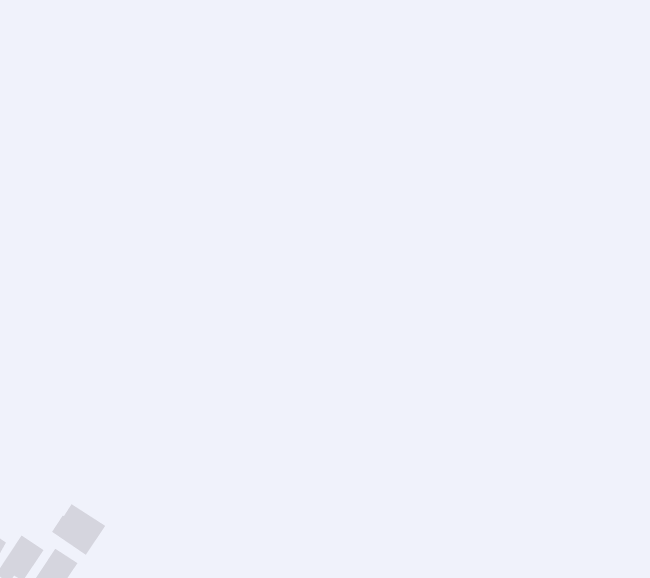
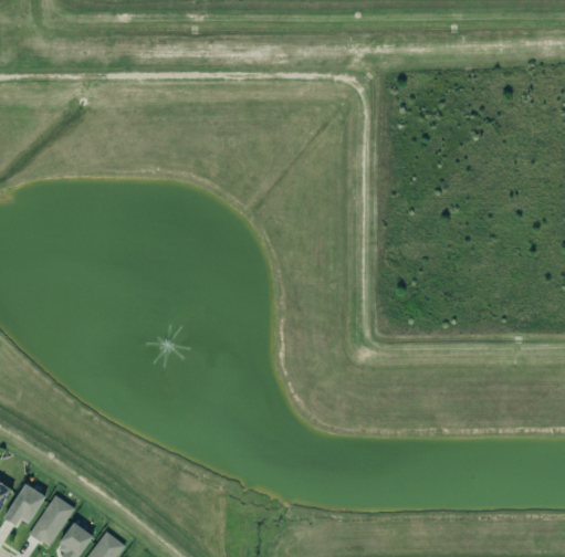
building: [51,503,106,556] -> none

